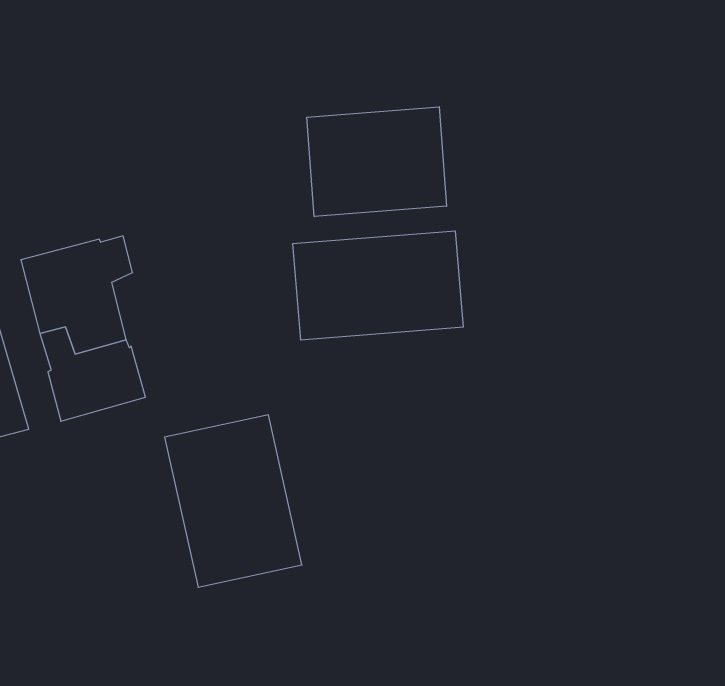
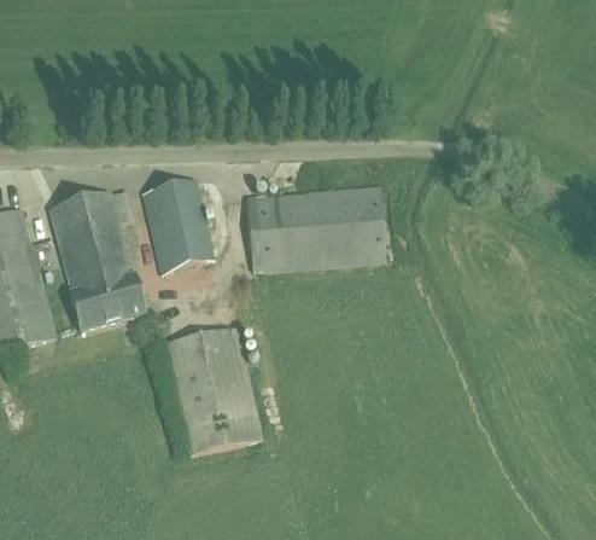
building: [307,107,447,217] -> none
building: none -> [141,179,212,271]

